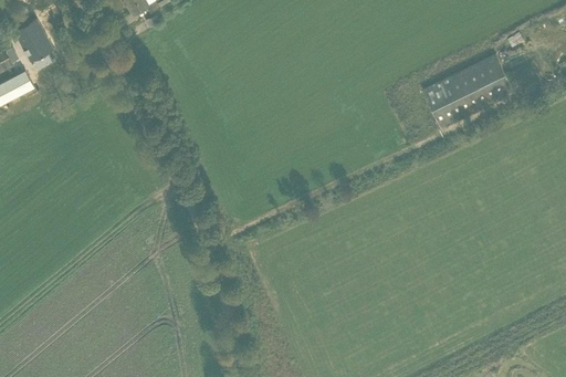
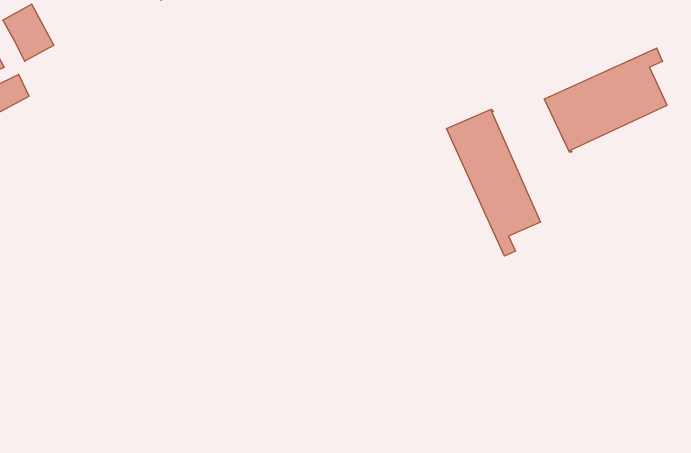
building: none -> [447,109,541,256]

